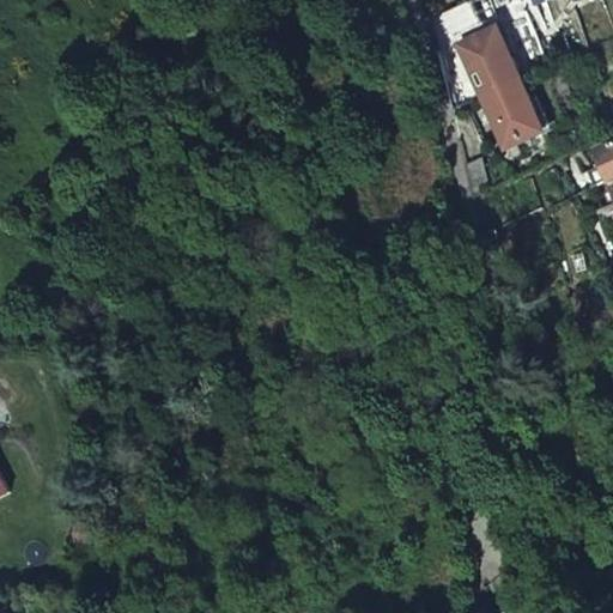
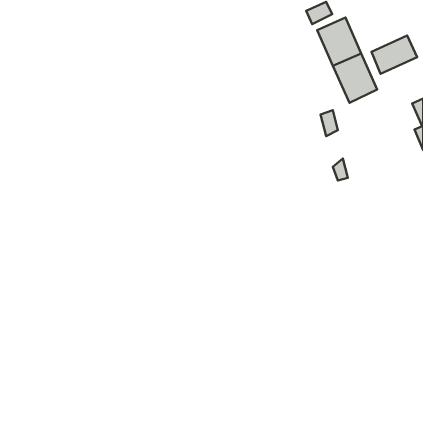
building: none -> [371,35,417,74]

